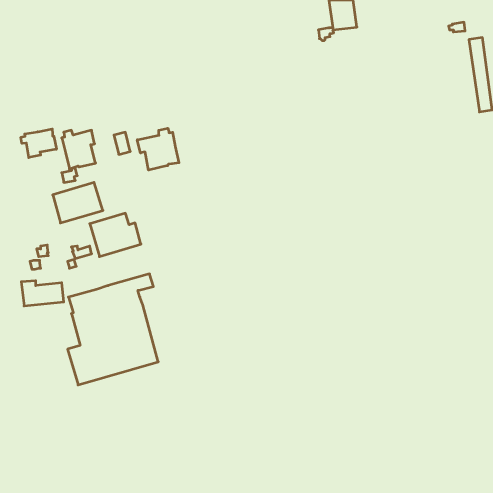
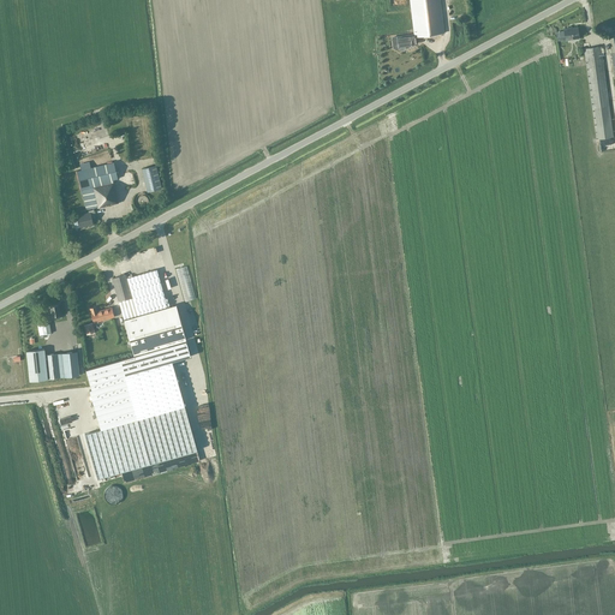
building: [137,128,179,170] -> none
building: [21,129,56,158] -> none
building: [53,182,103,223] -> [124,304,186,354]

